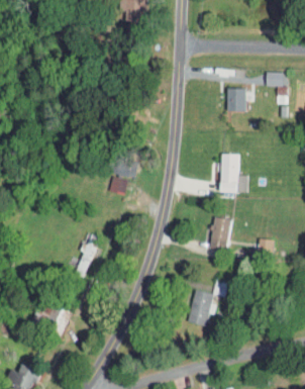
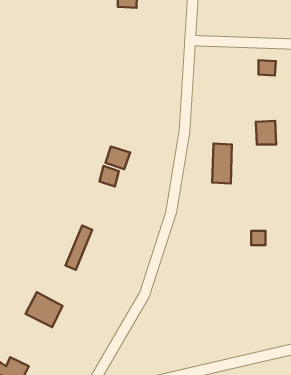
building: [226,88,246,111] -> [256,121,276,144]
building: [209,217,232,251] -> none
building: [189,290,214,326] -> none

